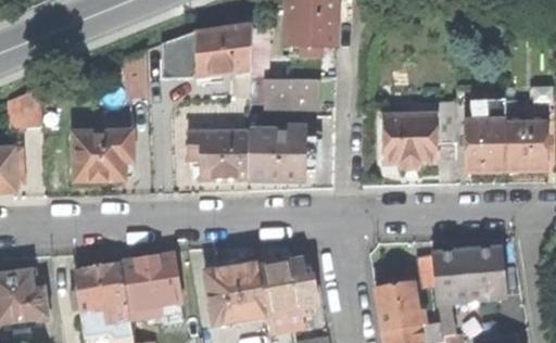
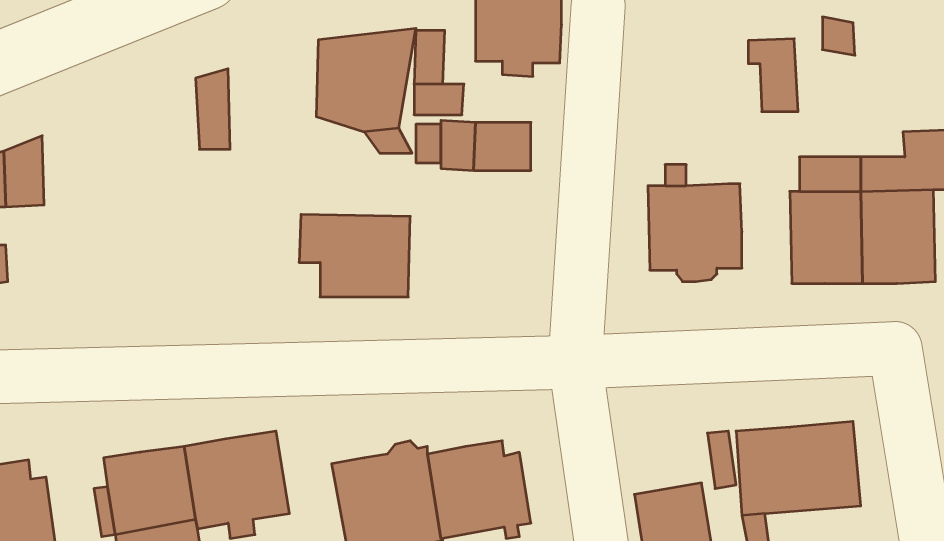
building: [162,29,198,76] -> none
building: [430,100,458,141] -> [748,39,798,112]
building: [250,127,306,179] -> none
building: [74,130,135,180] -> none

